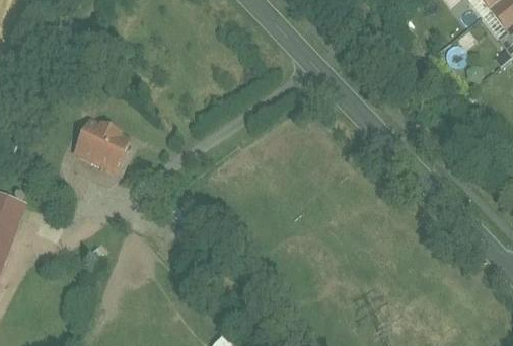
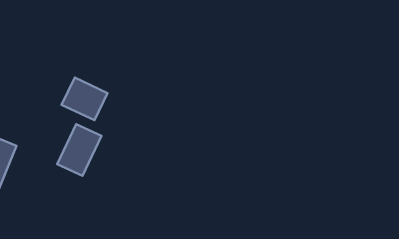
building: none -> [57,124,101,176]

